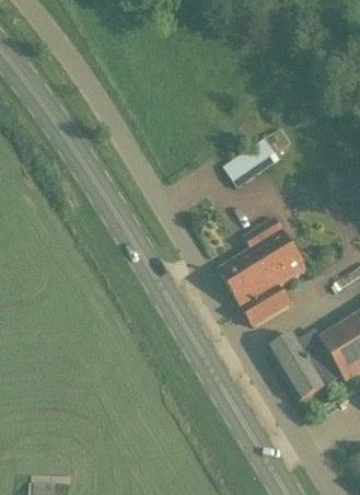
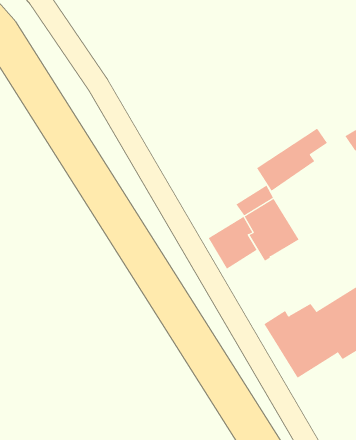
building: [223,127,291,187] -> [256,128,328,191]
building: [236,278,289,324] -> none

